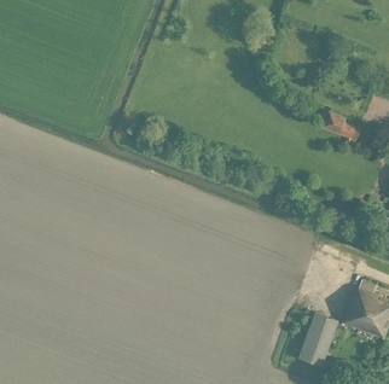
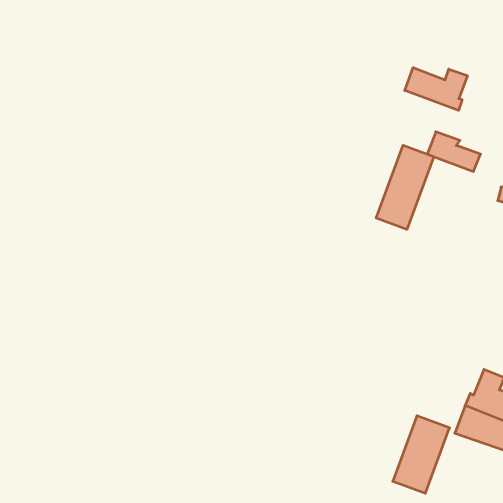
building: none -> [405,68,467,110]
building: none -> [376,145,434,229]

